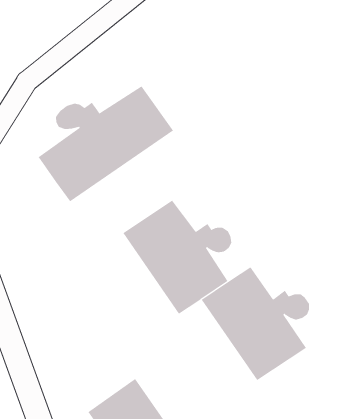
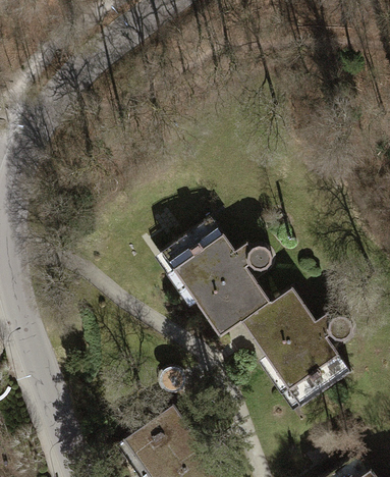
building: [38,86,174,202] -> none

